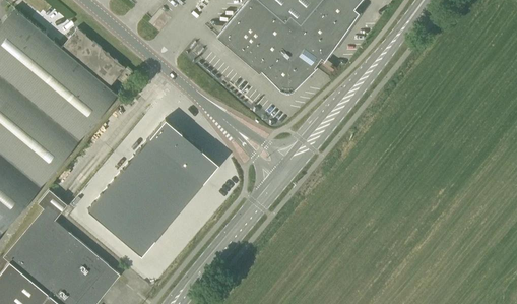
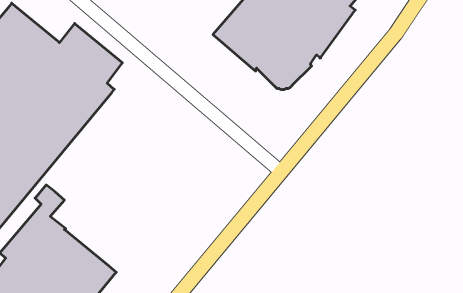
building: [88,123,217,260] -> none

